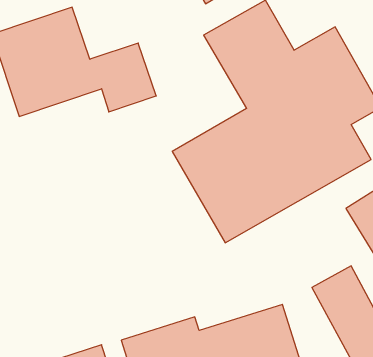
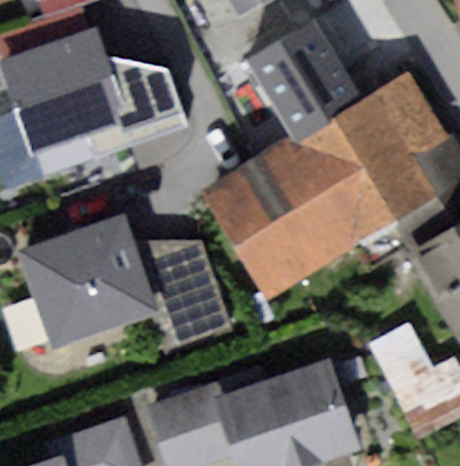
building: none -> [18,218,152,348]
building: none -> [154,225,223,333]

